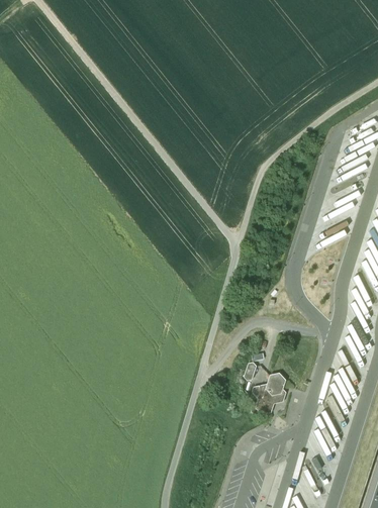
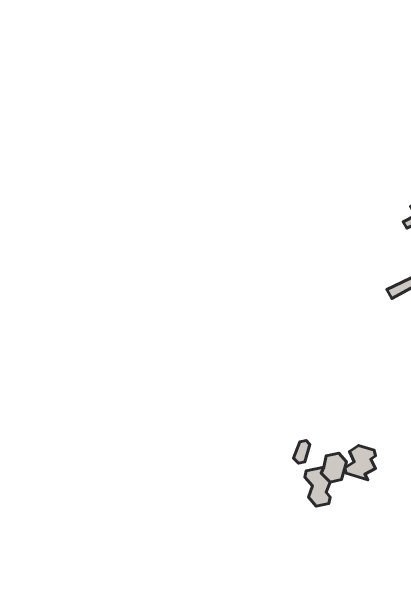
building: none -> [345,446,376,480]

